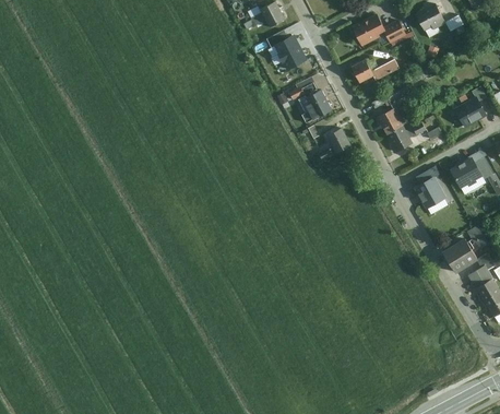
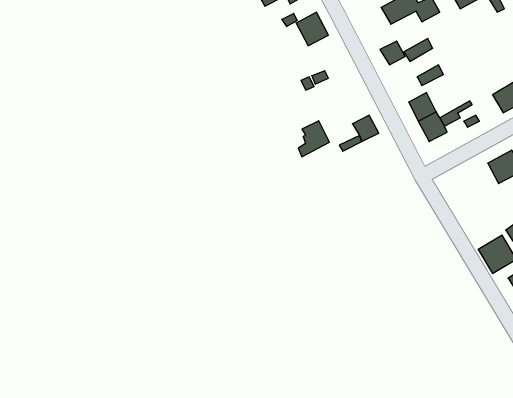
building: [302,90,331,122] -> [298,121,329,157]
building: [413,176,444,209] -> none

